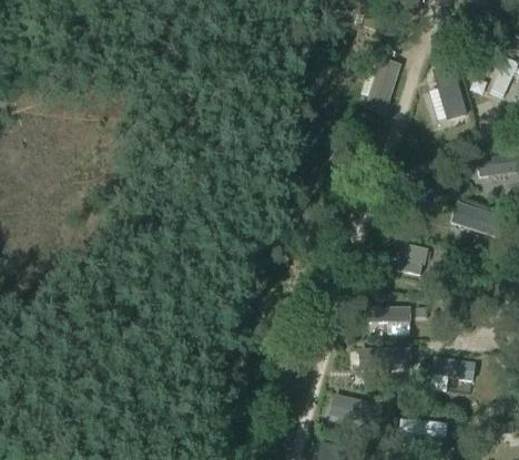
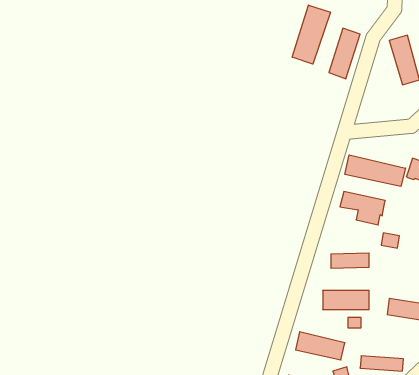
building: none -> [292,5,330,64]
building: none -> [345,155,405,186]

